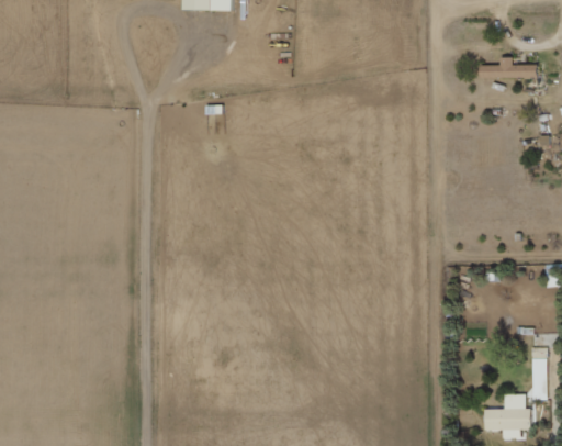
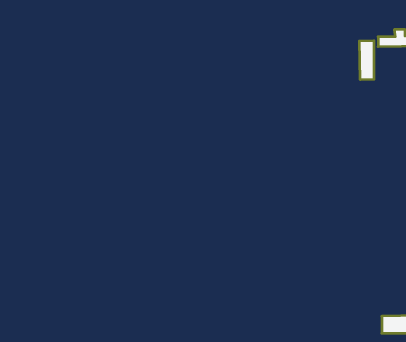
building: none -> [359,41,374,80]

